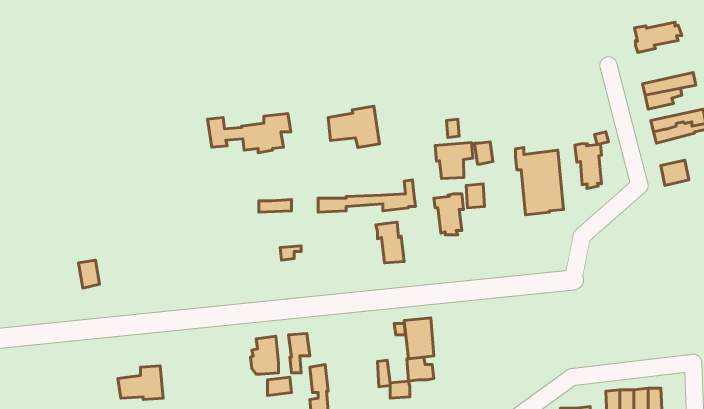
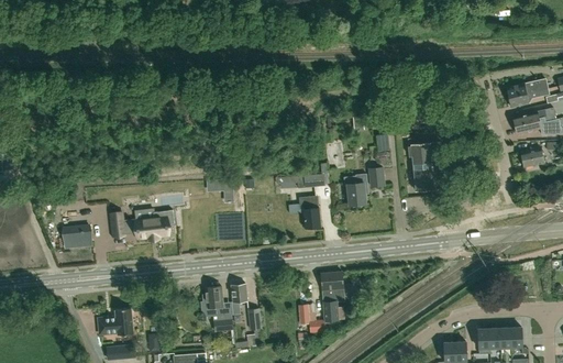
building: [634,22,682,52] -> none
building: [328,106,379,147] -> none
building: [208,113,291,153] -> [109,210,174,241]
building: [435,143,473,179] -> none
building: [575,143,602,189] -> none

